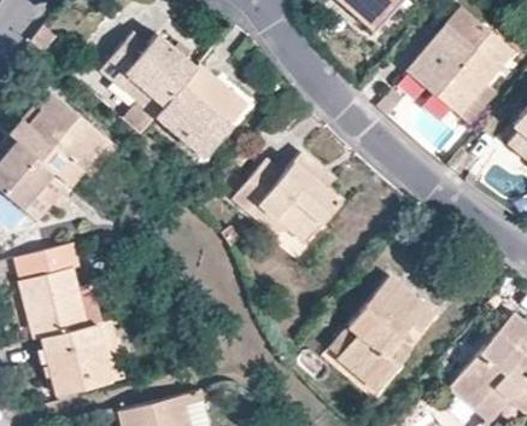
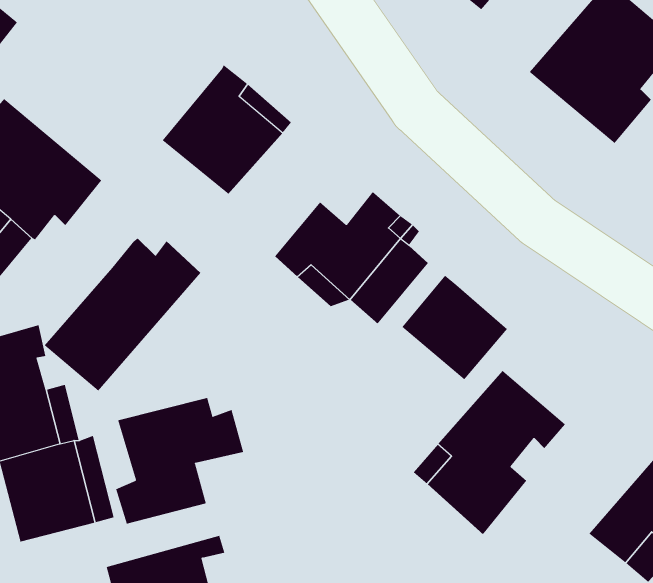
building: [101,35,198,118] -> none
building: none -> [44,237,201,391]
building: none -> [401,275,508,380]
building: none -> [115,397,244,525]

